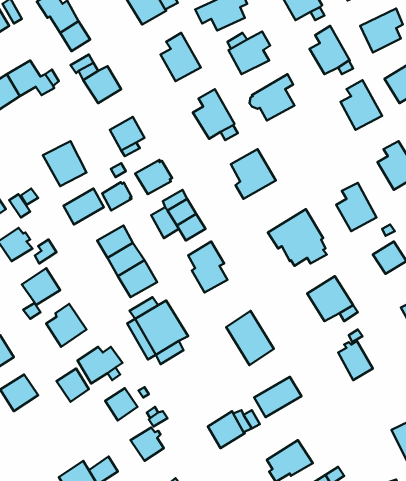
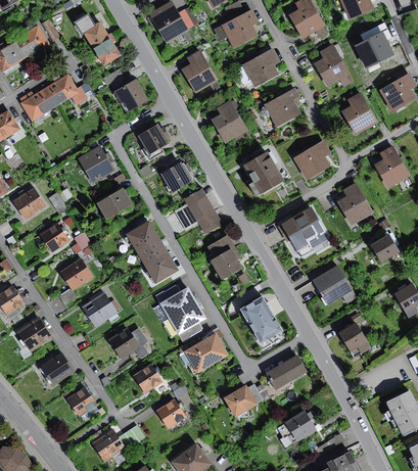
building: none -> [294,140,331,179]
building: [102,182,132,211] -> none
building: none -> [184,332,228,373]
building: [57,368,89,402] -> [66,386,95,416]

